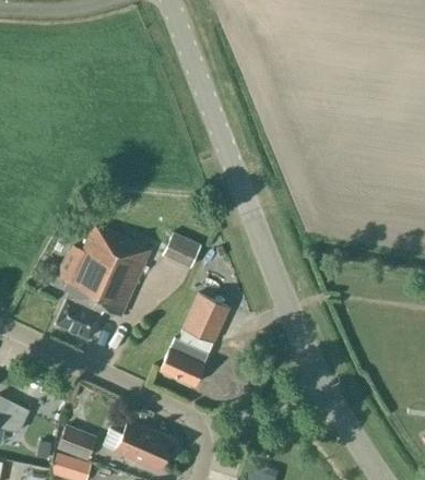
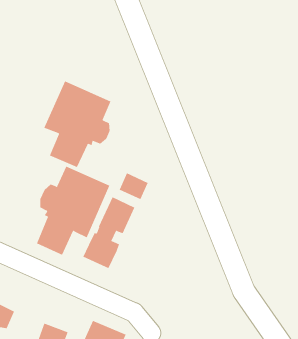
building: none -> [43,81,111,168]
building: [161,292,228,385] -> [82,196,135,269]

